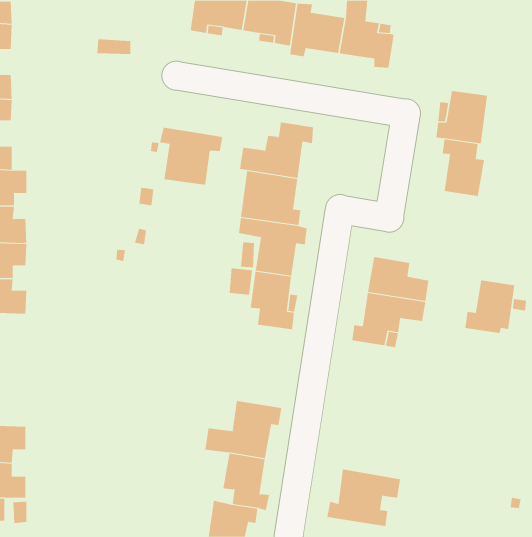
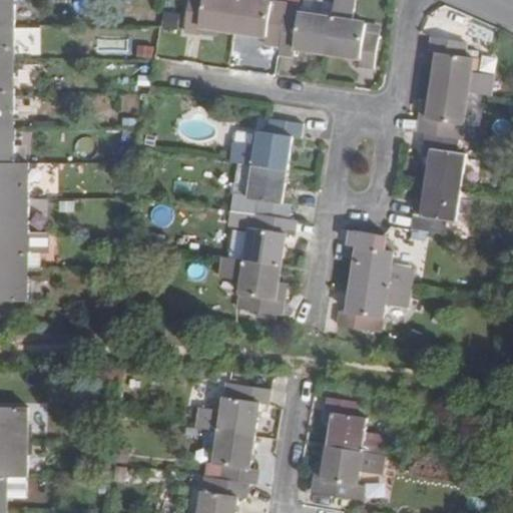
building: none -> [428,36,492,94]
building: [159,127,223,185] -> none
building: [465,280,515,334] -> [409,182,457,233]
building: none -> [326,400,386,457]

